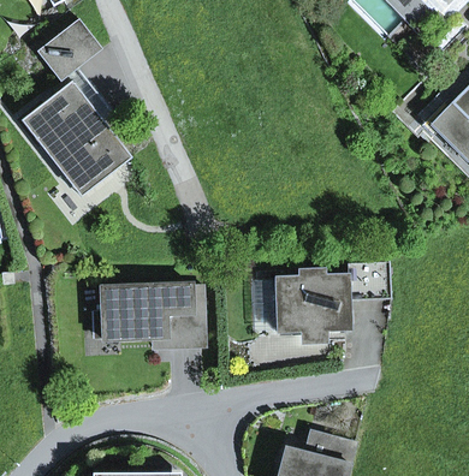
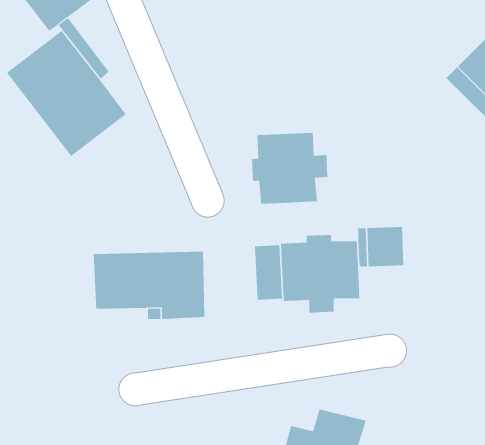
building: none -> [251,132,328,204]

